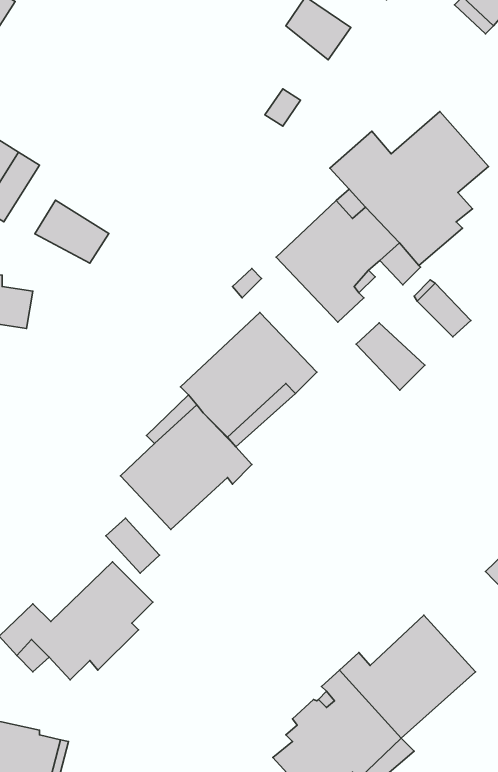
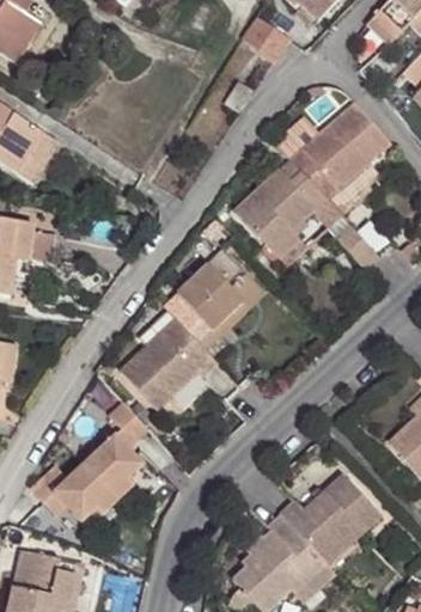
building: [35,200,109,263] -> none
building: [356,323,425,390] -> none

